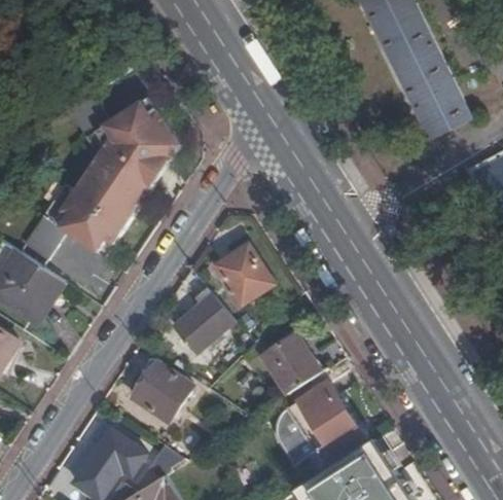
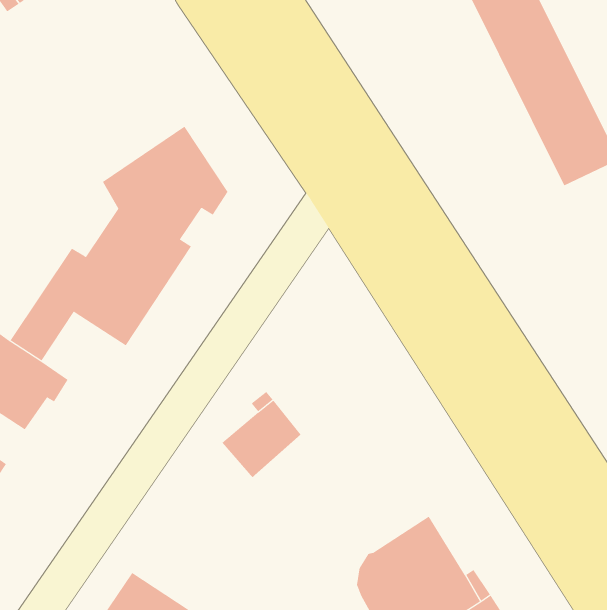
building: [218,243,273,301] -> none
building: [263,336,318,395] -> none
building: [133,362,191,422] -> none

